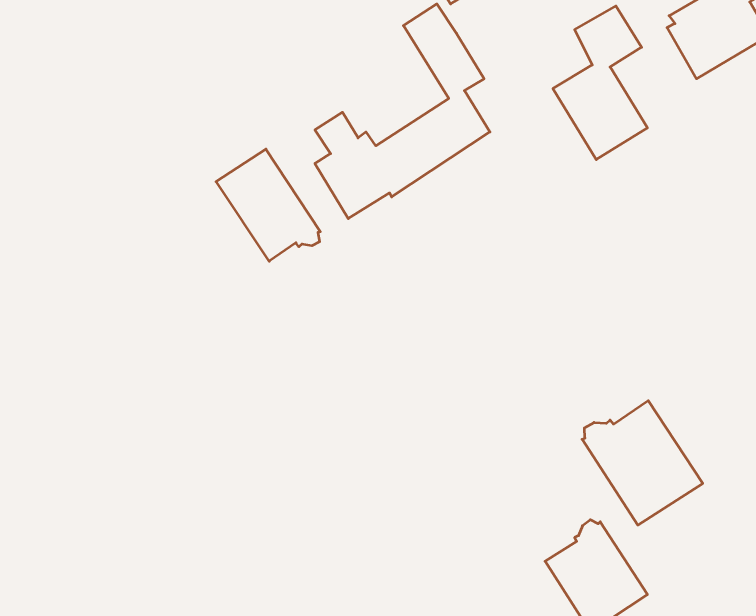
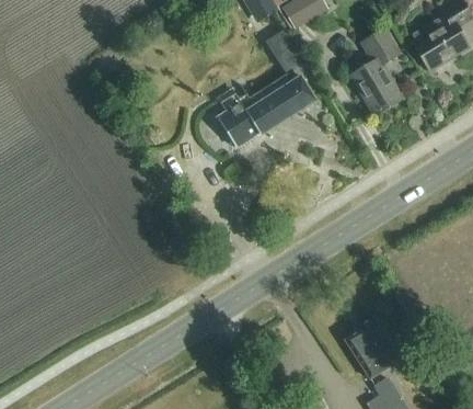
building: [216,149,320,261] -> none
building: [582,401,703,525] -> none

